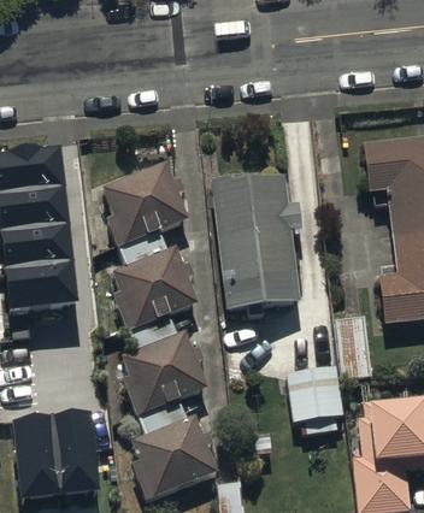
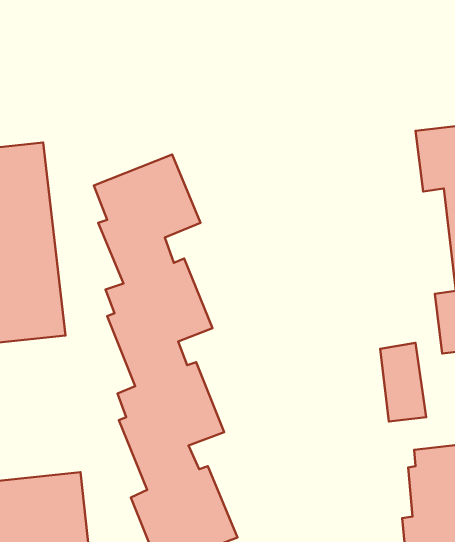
building: [211,171,300,312] -> none
building: [287,367,343,423] -> none

